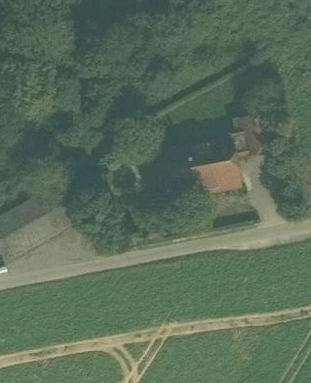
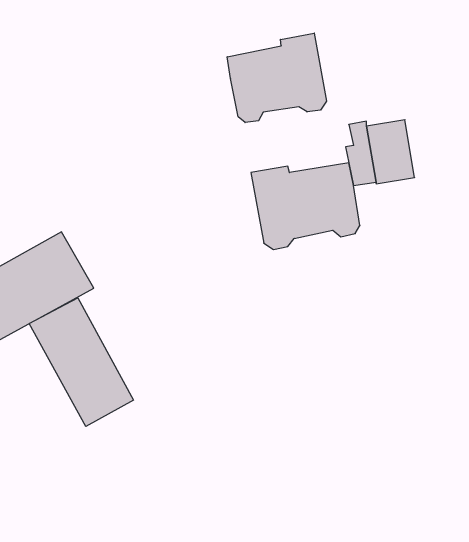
building: none -> [227,33,327,123]
building: none -> [29,298,133,426]

